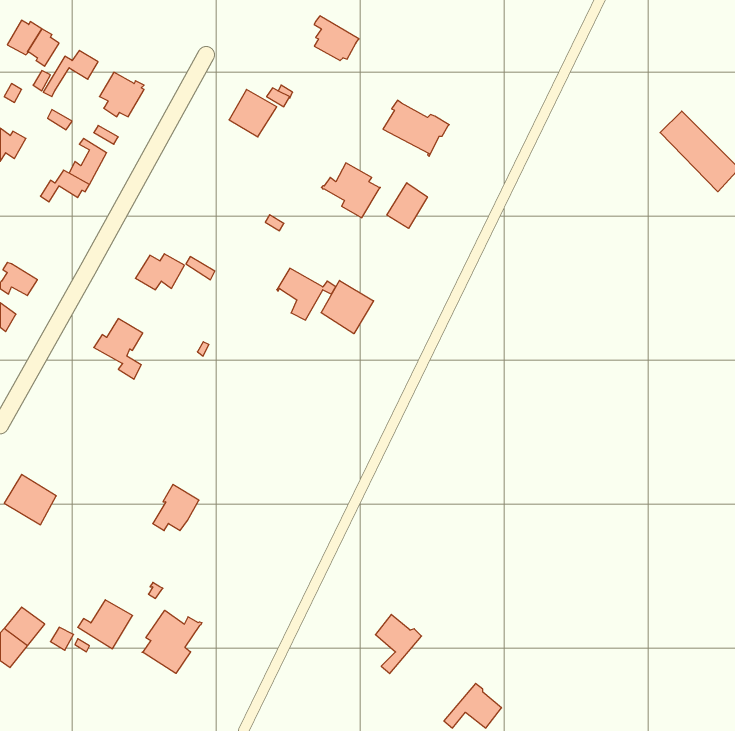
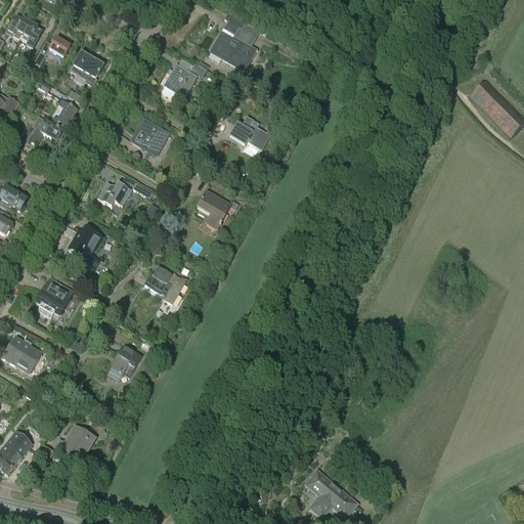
building: [383,100,449,156] -> [211,31,258,71]
building: none -> [130,119,169,155]
building: [387,183,427,228] -> none
building: [321,280,374,334] -> none
building: none -> [143,266,187,303]
building: none -> [36,280,72,317]
building: [142,610,202,673] -> none
building: [375,614,422,674] -> [306,470,339,512]

